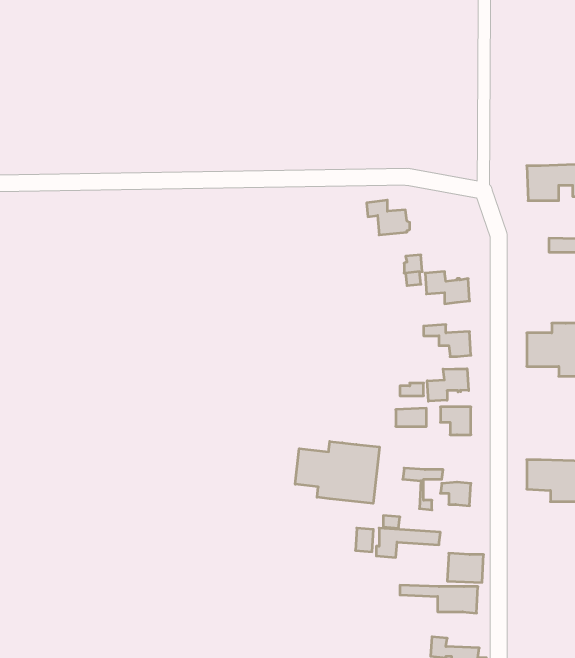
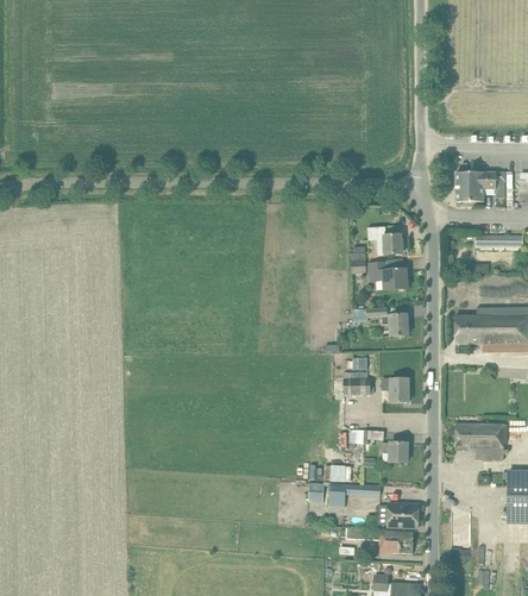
building: [367,200,410,235] -> [369,226,406,256]
building: [427,369,469,401] -> none
building: [295,441,379,503] -> none

